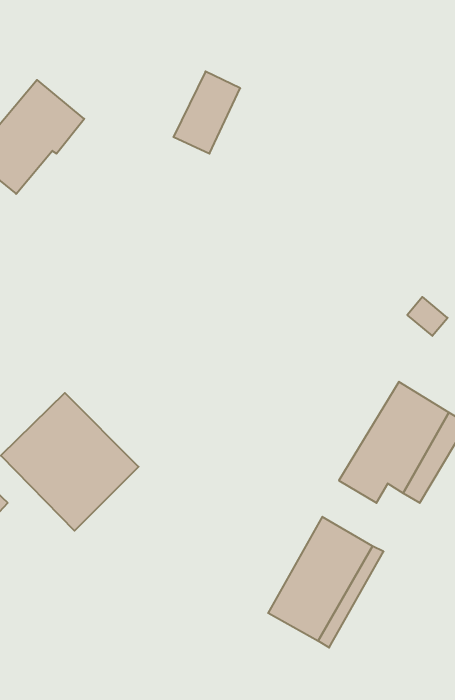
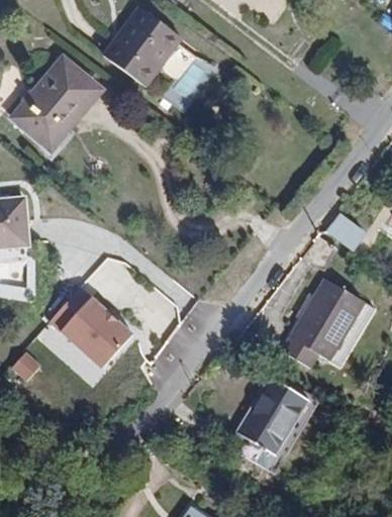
building: none -> [104,6,182,86]

